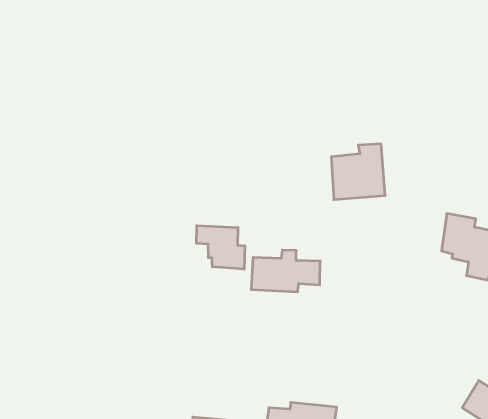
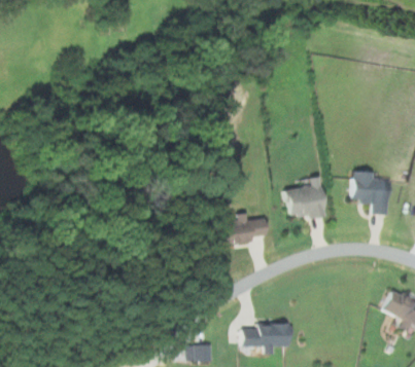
building: [331,144,385,200] -> [284,176,327,221]
building: [197,226,245,269] -> none

